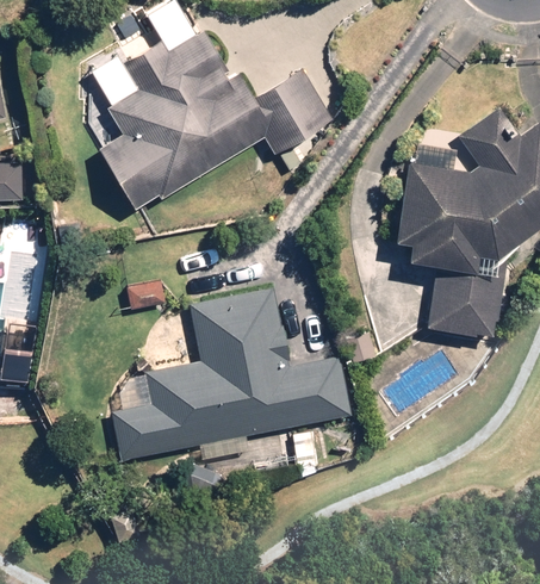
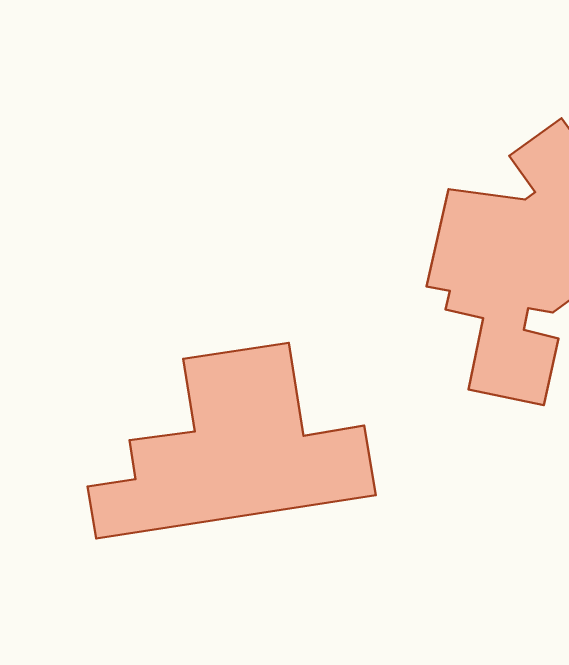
building: [101,35,333,206] -> none

